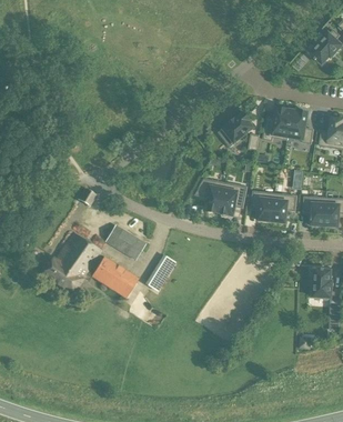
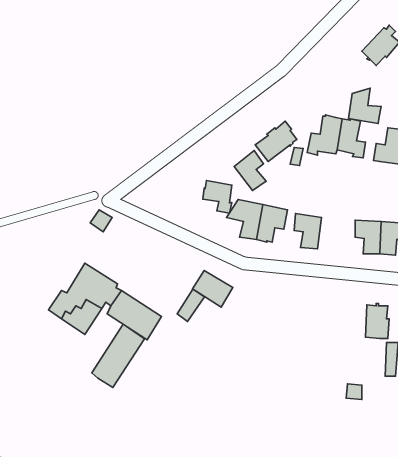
building: none -> [348,88,381,123]
building: none -> [234,151,266,191]
building: none -> [203,181,232,213]
building: [272,193,296,222] -> none
building: [111,228,145,259] -> [192,271,233,307]
building: none -> [92,324,144,388]

